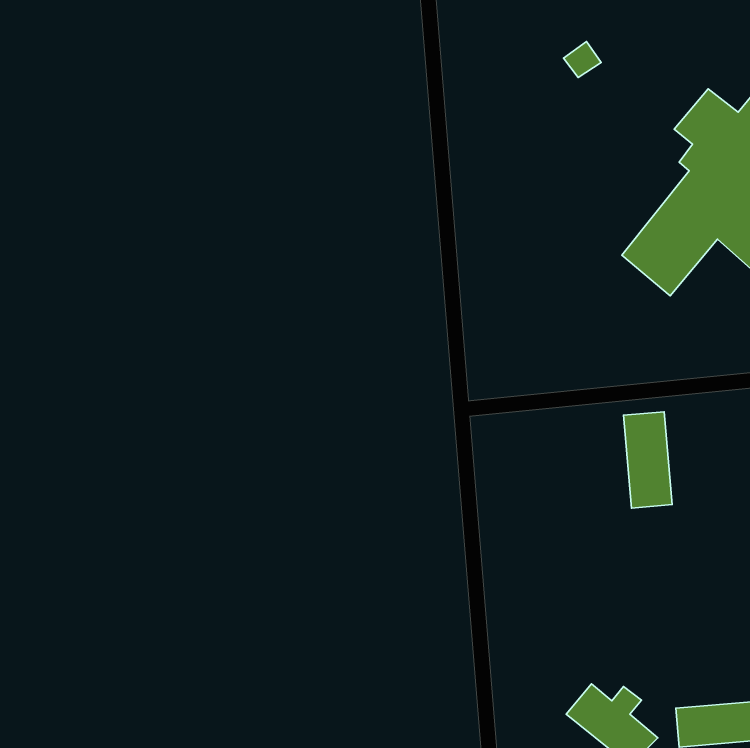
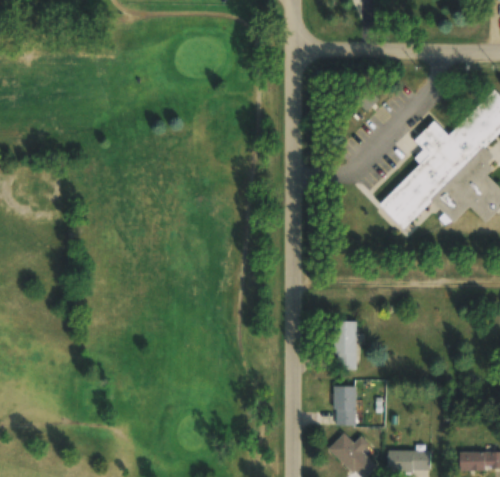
building: [623,412,672,508] -> [334,320,356,370]
building: none -> [333,386,356,426]

